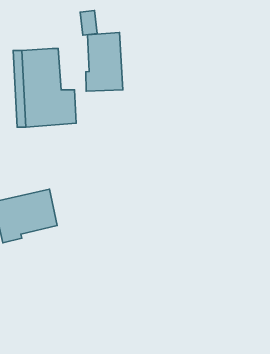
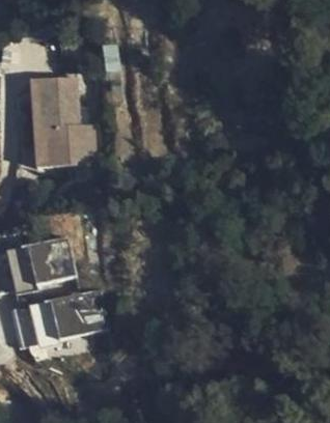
building: [86,32,123,91] -> none
building: none -> [30,287,110,347]

